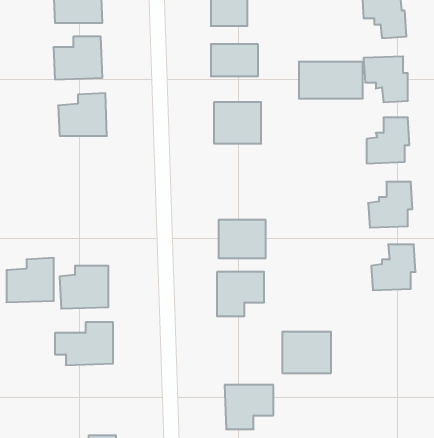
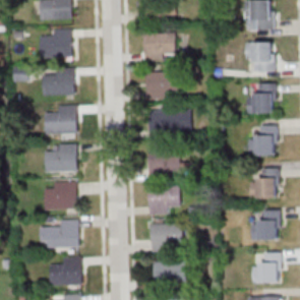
building: [299,62,363,98] -> [148,110,191,134]
building: none -> [44,105,76,133]
building: [6,258,54,302] -> [45,142,76,172]
building: none -> [251,209,281,240]
building: [282,332,331,373] -> [151,224,183,251]
building: none -> [252,252,282,283]
building: none -> [49,256,81,286]

